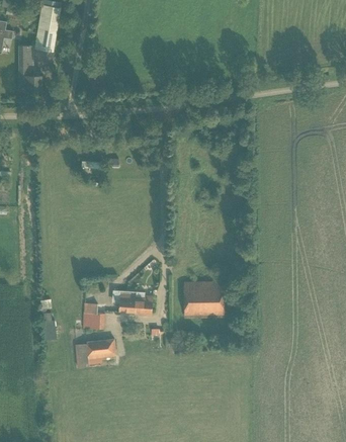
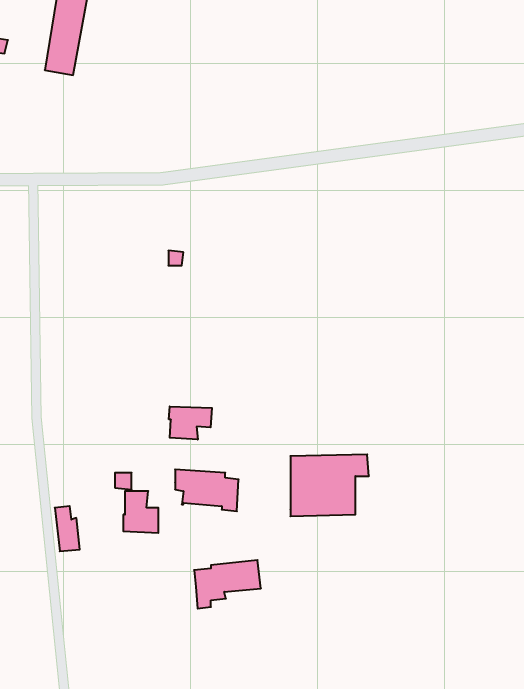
building: [19,45,41,90] -> none
building: none -> [169,406,212,440]
building: [76,338,116,367] -> [194,560,261,609]

